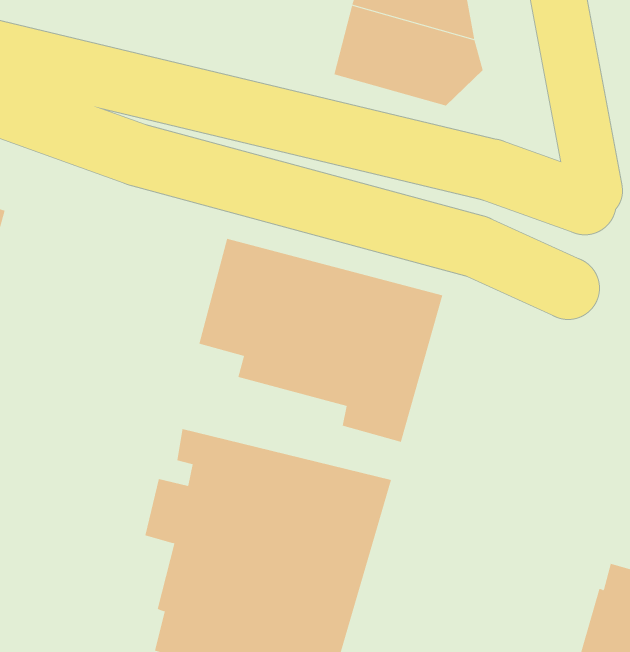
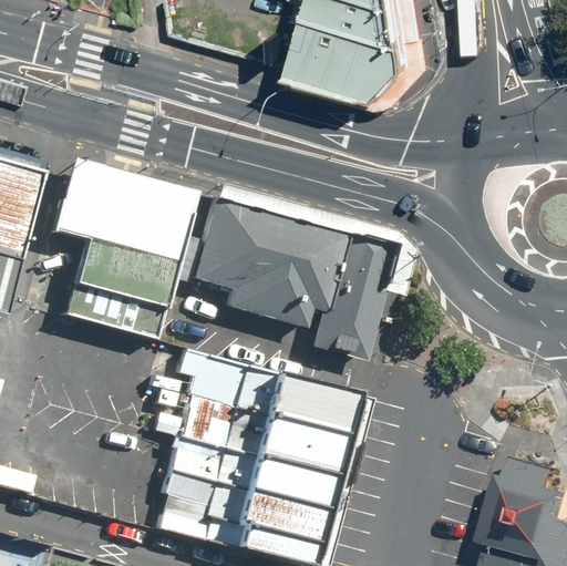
building: none -> [54,158,198,340]

